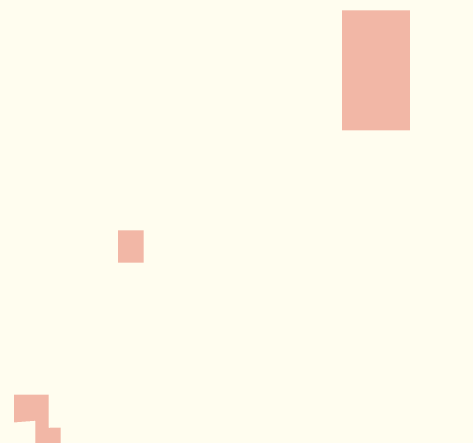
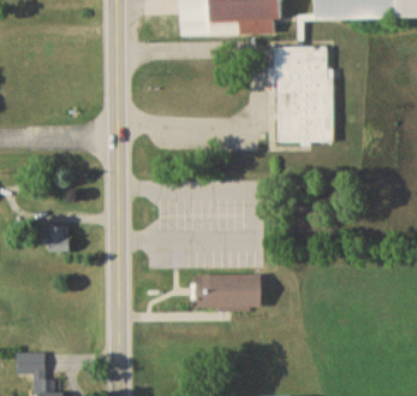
building: [117,230,144,263] -> [47,224,68,250]
building: none -> [196,273,262,309]

